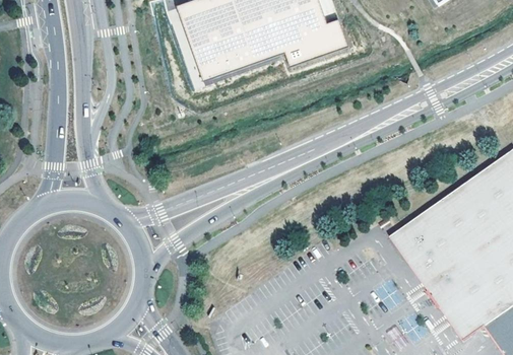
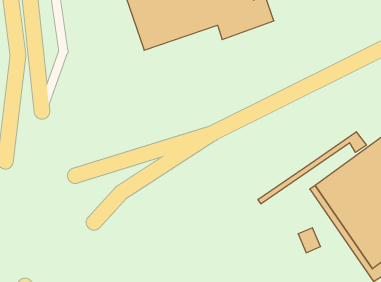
building: none -> [258,132,366,204]

